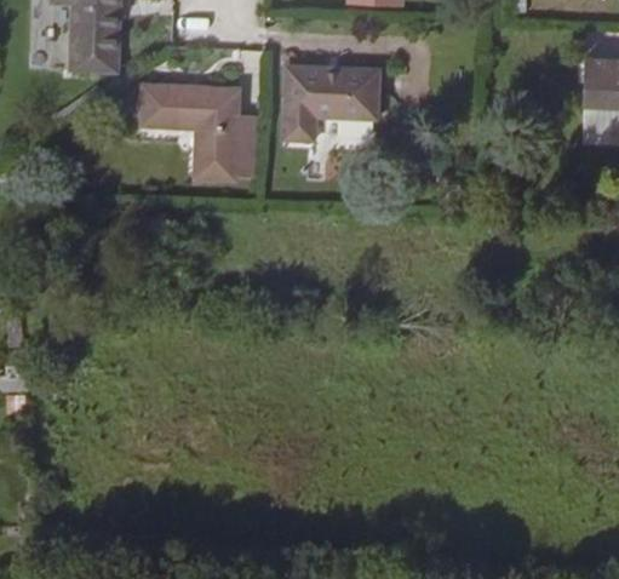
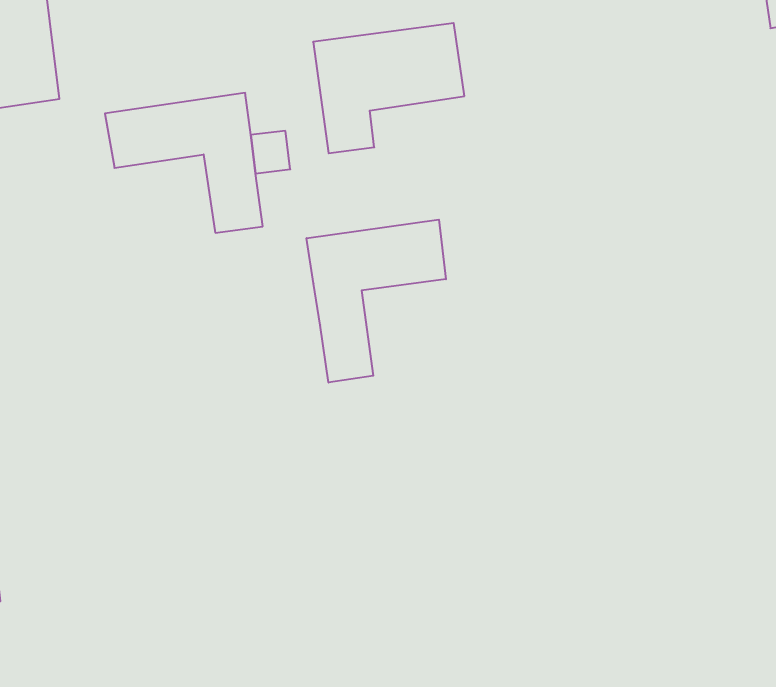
building: none -> [307,220,446,383]

